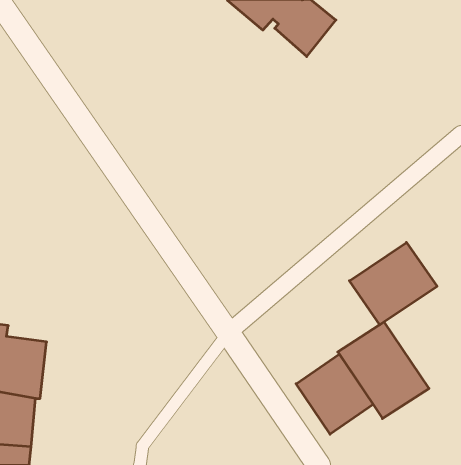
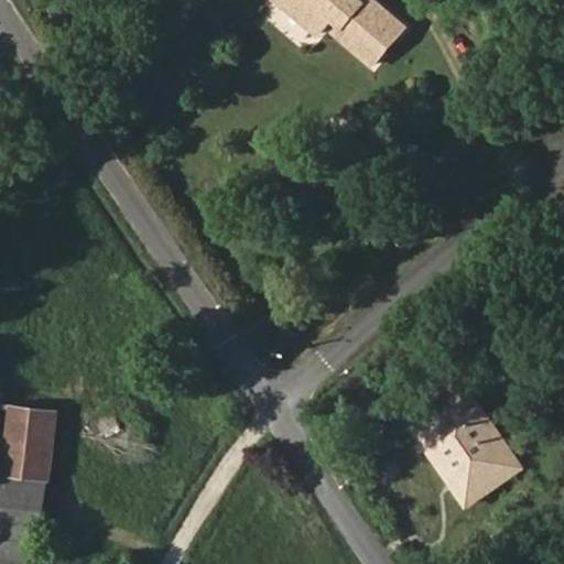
building: [349,242,437,325] -> none
building: [296,354,373,434] -> none

